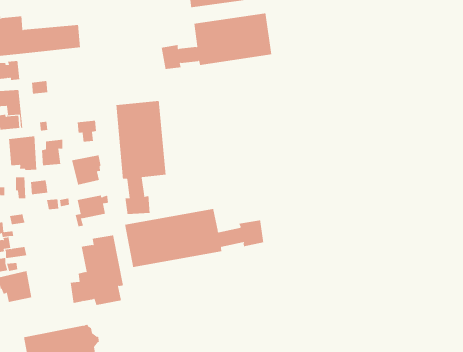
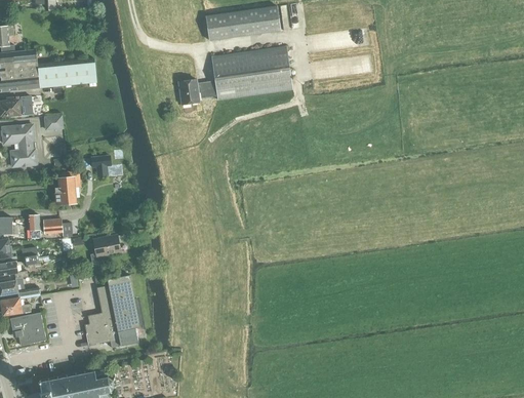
building: [116,100,166,215] -> none
building: [9,136,37,171] -> none
building: [71,154,101,185] -> none
building: [125,208,264,268] -> none

